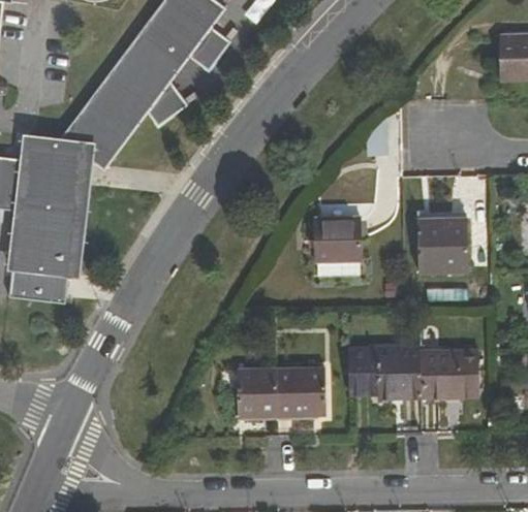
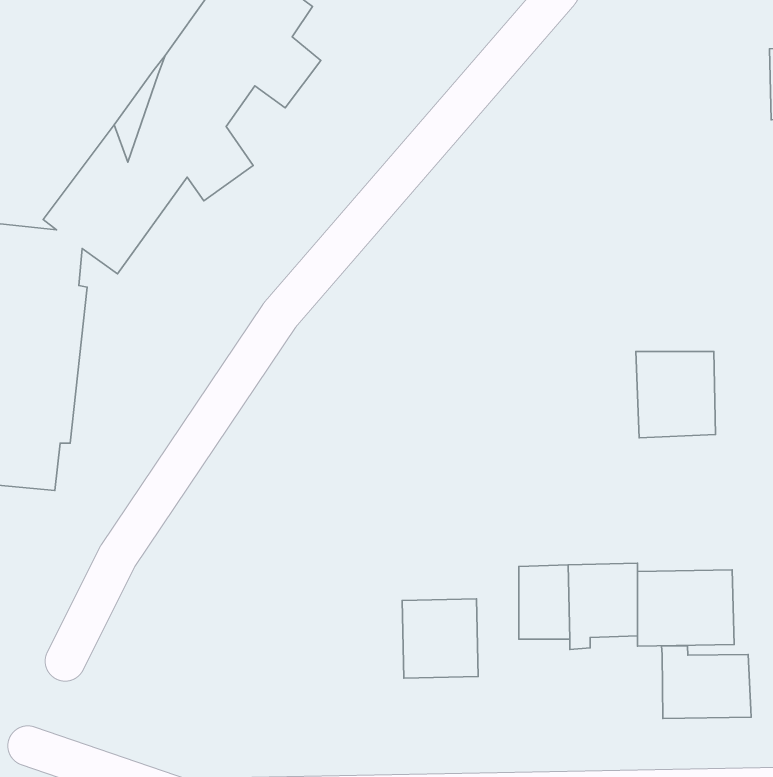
building: [315,220,362,261] -> none
building: [240,369,278,419] -> none
building: none -> [662,646,751,718]

